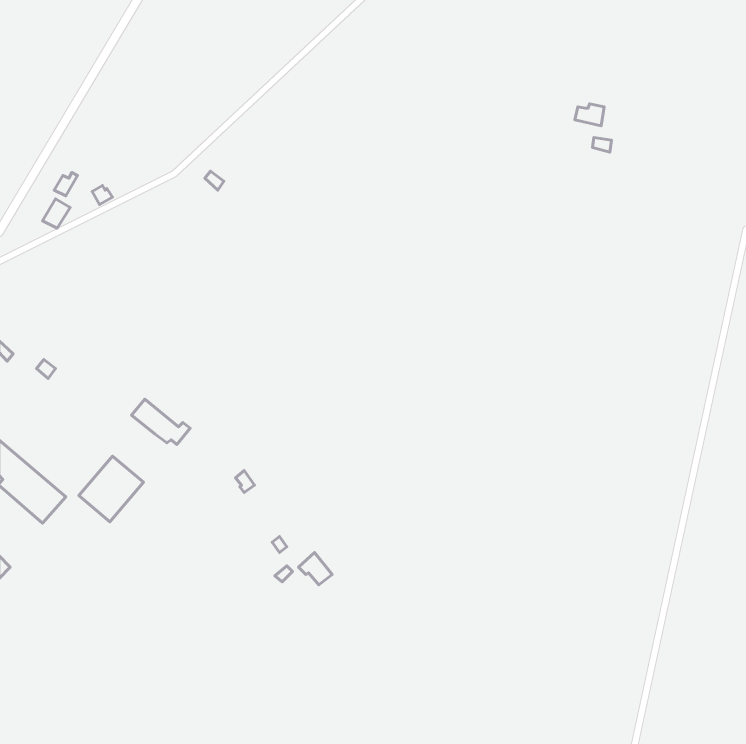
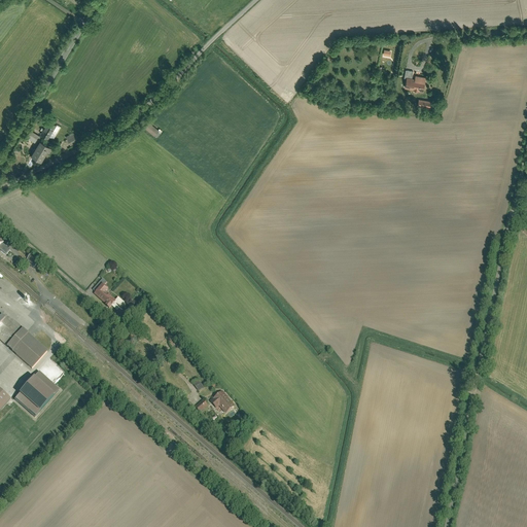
building: [79,456,143,522] -> [12,372,58,418]

